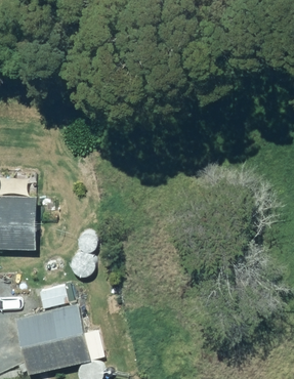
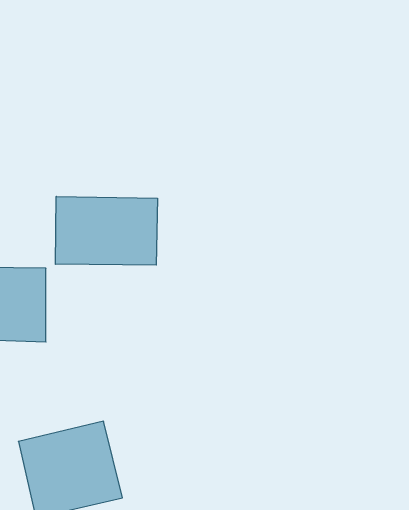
building: none -> [55,196,157,265]

